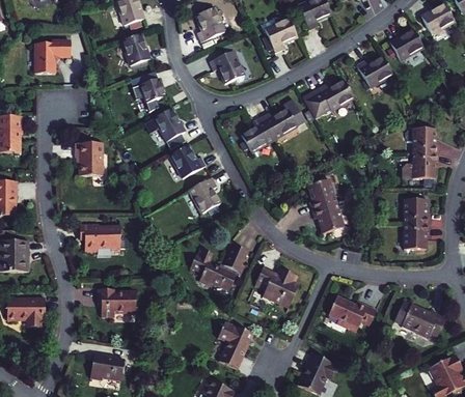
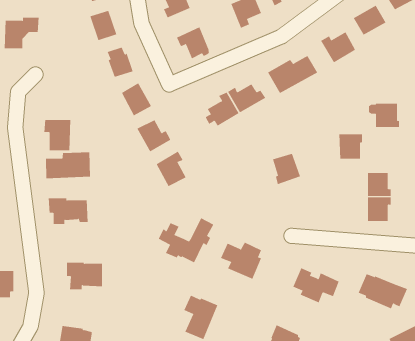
building: [412,153,437,179] -> [338,134,363,159]
building: none -> [45,152,91,179]
building: [312,203,344,234] -> none

